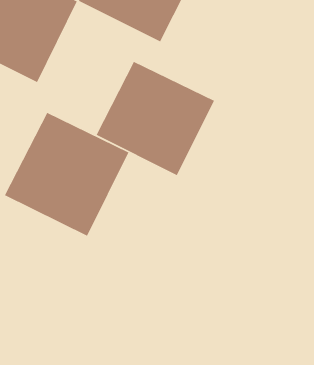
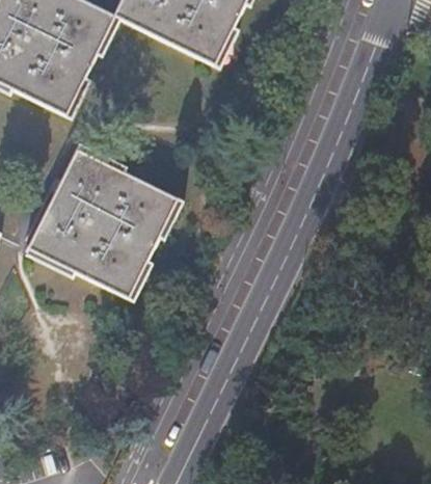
building: [95,61,215,176] -> none

